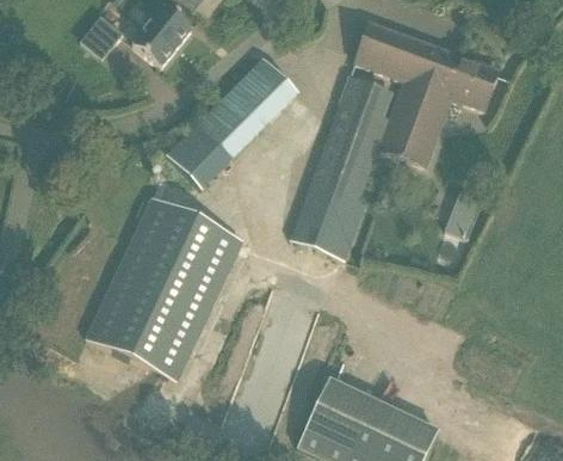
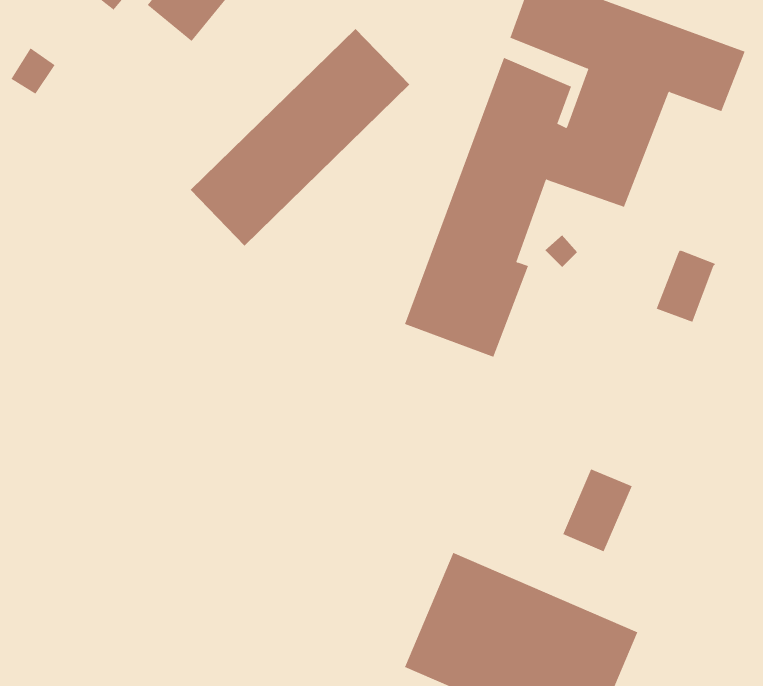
building: [88,197,245,379] -> none
building: none -> [562,469,632,552]

